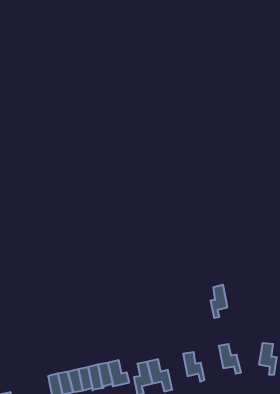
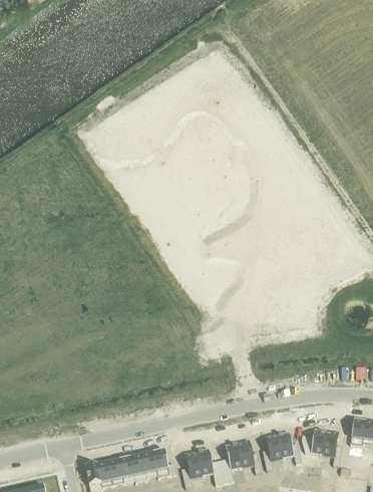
building: [210,285,227,318] -> [263,434,282,471]
building: none -> [301,429,326,455]
building: none -> [220,443,242,483]

